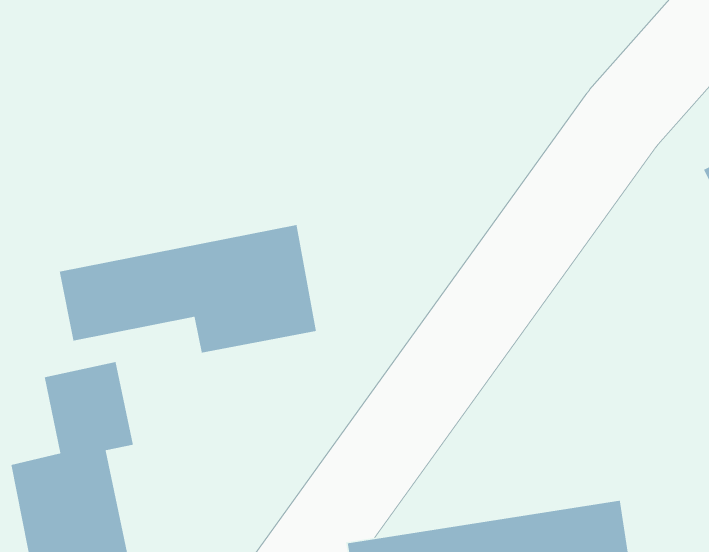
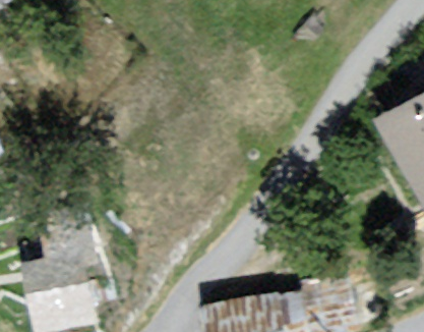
building: [59,224,317,354] -> none

